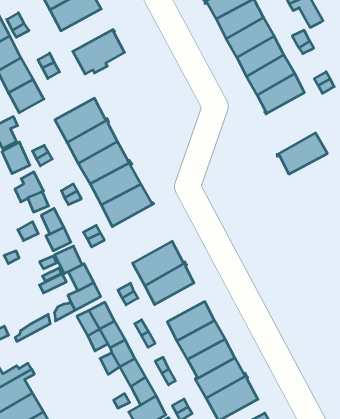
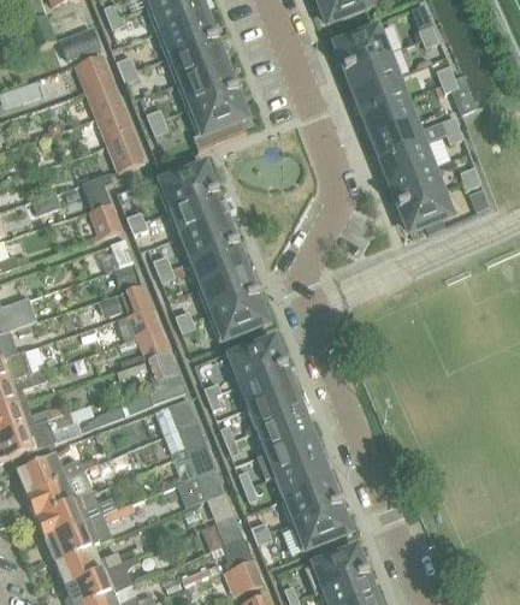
building: none -> [176,64,236,108]
building: [277,133,327,174] -> [398,188,456,231]
building: none -> [207,293,266,342]
building: none -> [244,390,302,431]

